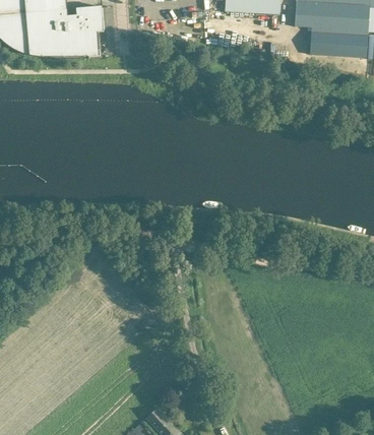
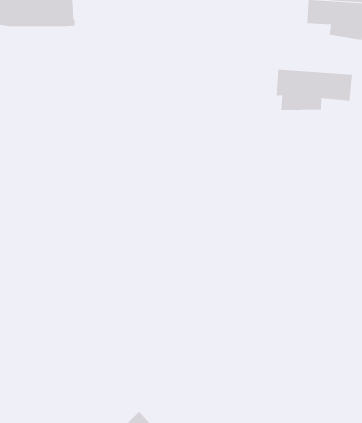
building: none -> [276,69,352,111]

